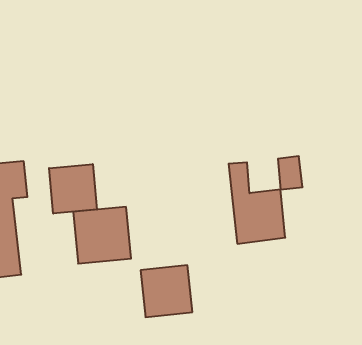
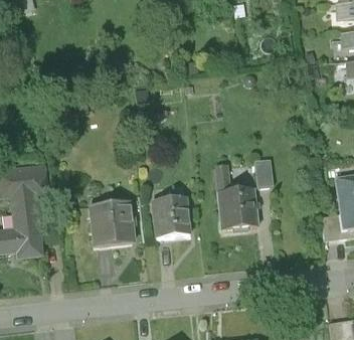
building: [49,164,97,214] -> none
building: [141,265,192,317] -> [149,195,191,237]

